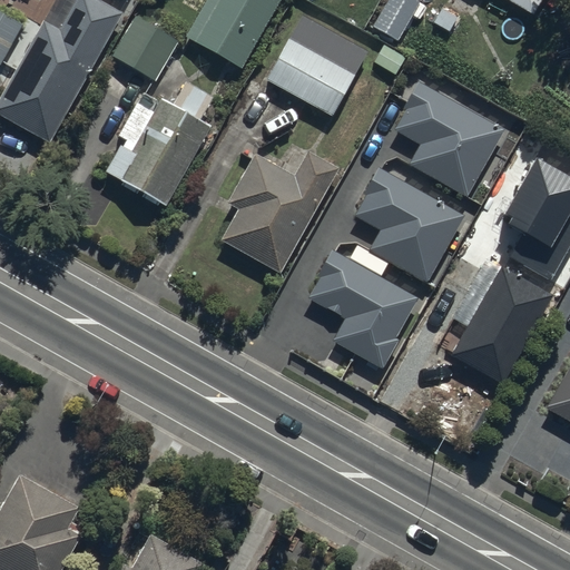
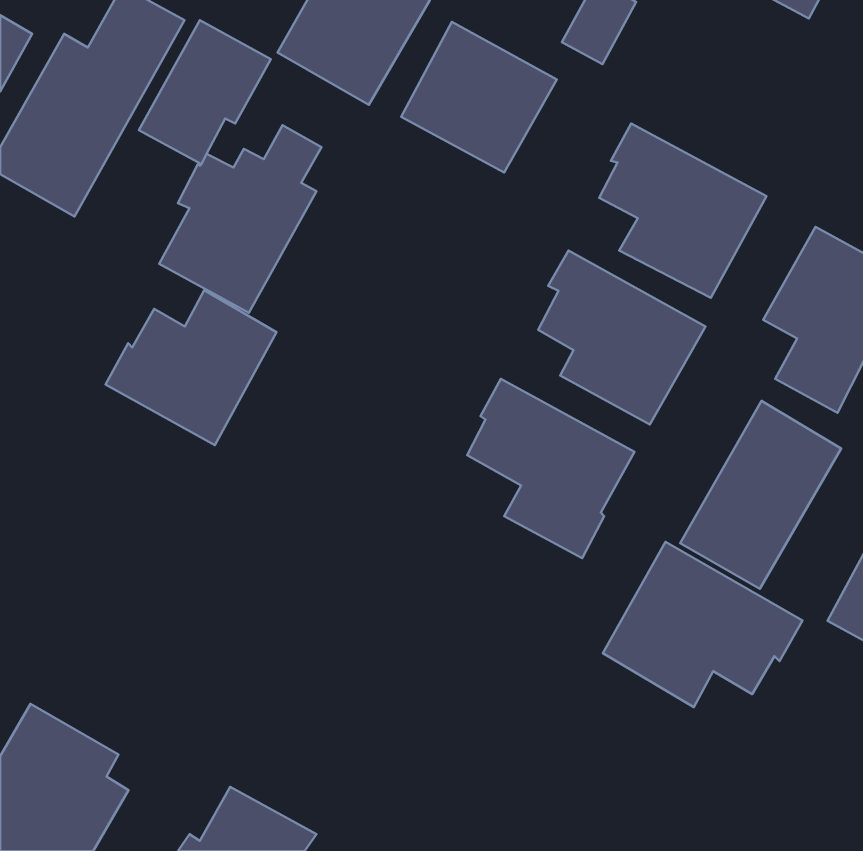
building: [222,151,337,273] -> none
building: none -> [106,290,276,445]
building: none -> [603,542,803,707]

